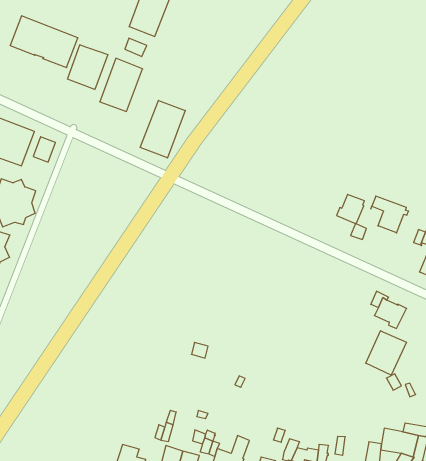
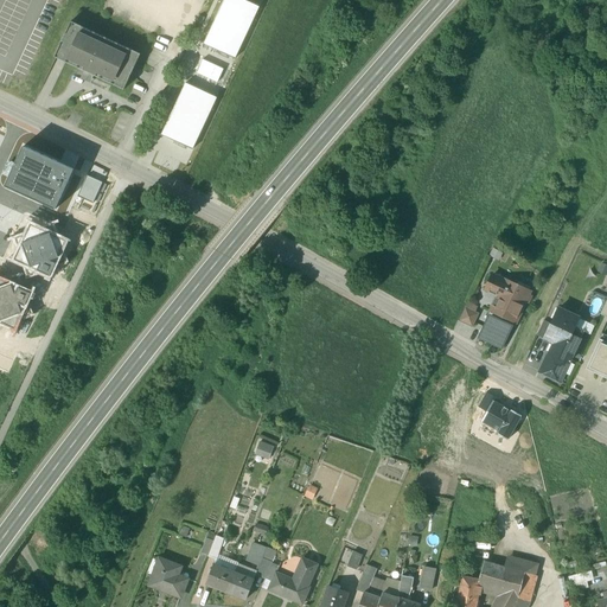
building: [67,45,108,89] -> none
building: [140,100,185,158] -> none
building: [337,194,364,224] -> [478,311,513,347]
building: [366,331,406,375] -> none

